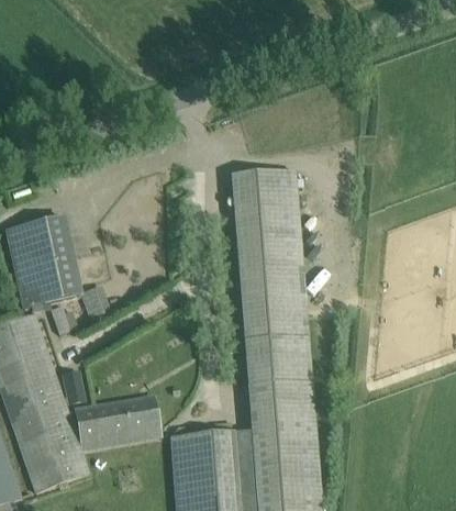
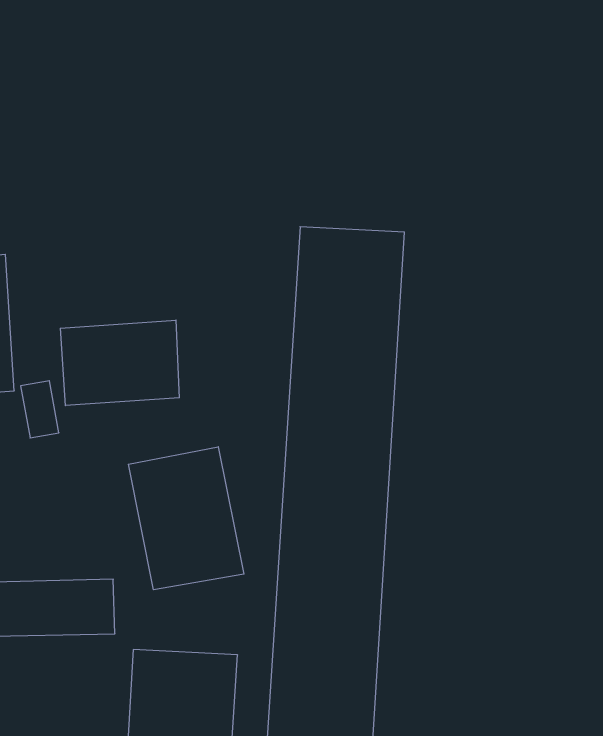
building: none -> [60,320,179,406]
building: none -> [128,447,244,590]

